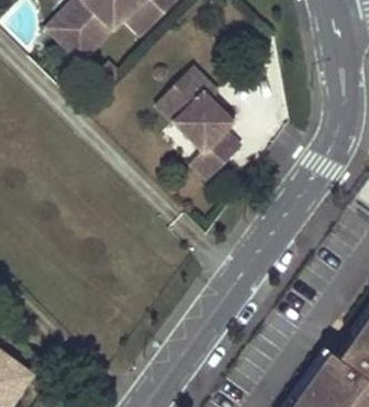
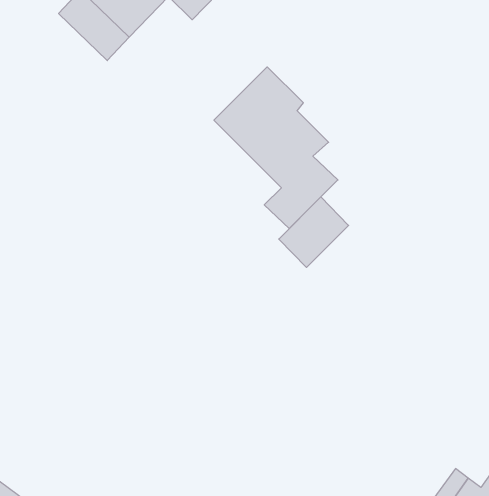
building: none -> [279,197,349,267]

